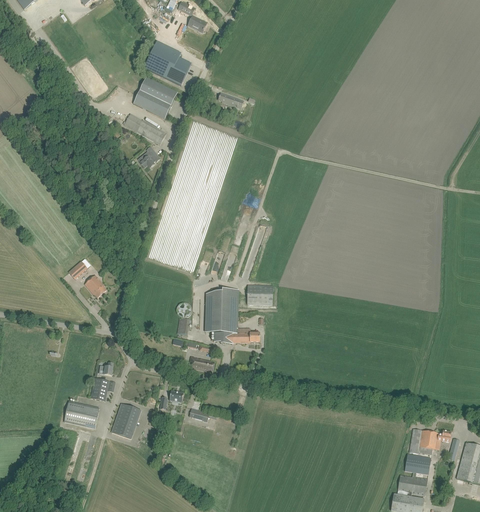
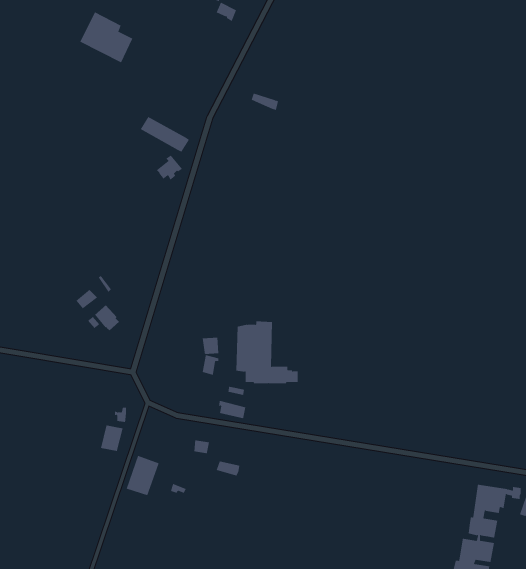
building: [144,41,190,85] -> [79,12,133,63]
building: [133,77,177,119] -> none
building: [246,284,272,304] -> none
building: [64,401,99,428] -> none

